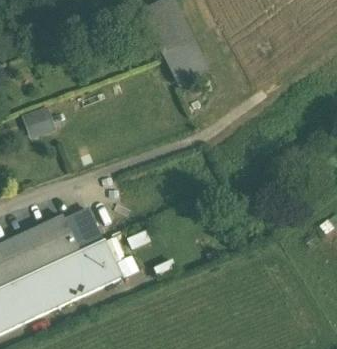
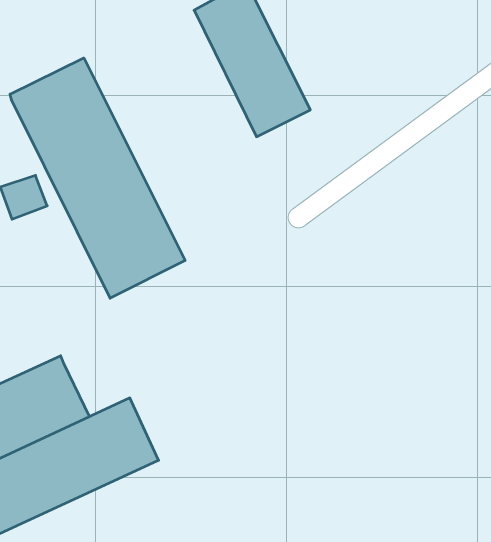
building: none -> [10,58,185,298]
building: [63,210,101,251] -> none

